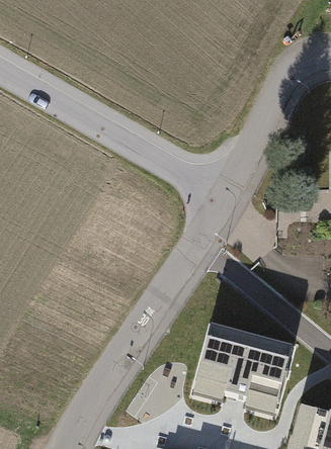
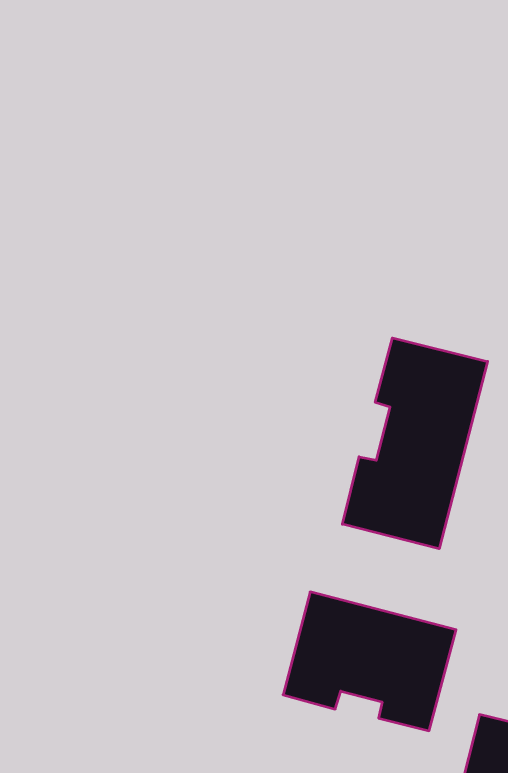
building: none -> [342,338,488,549]

